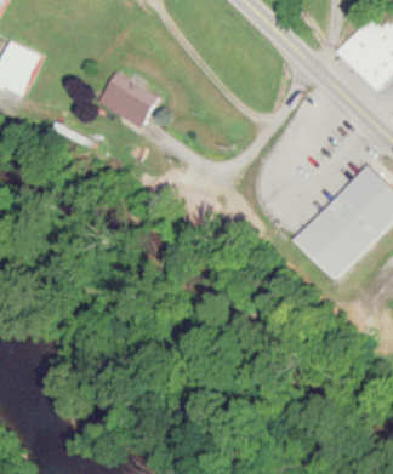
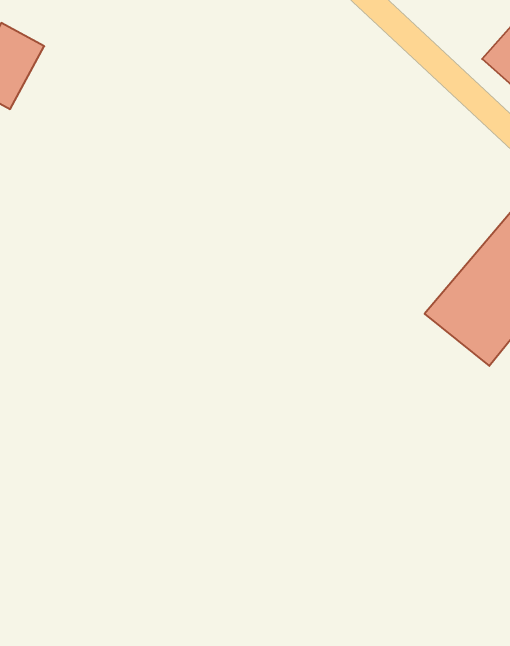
building: [97,72,158,130] -> none

